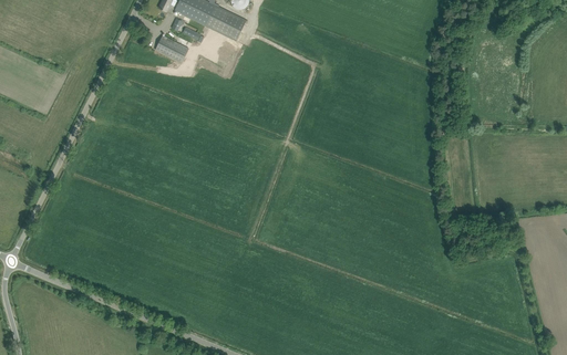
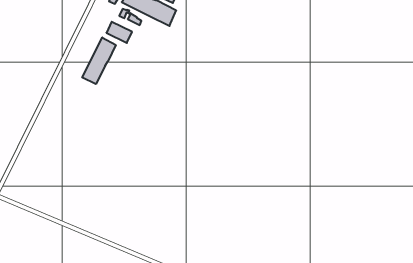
building: none -> [82,37,116,84]

